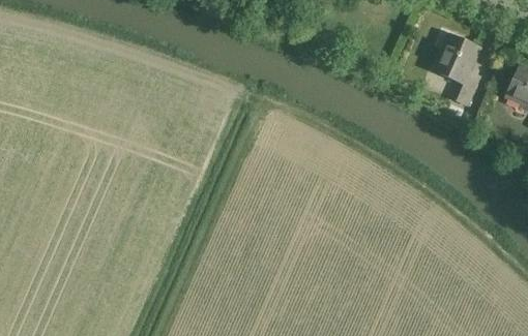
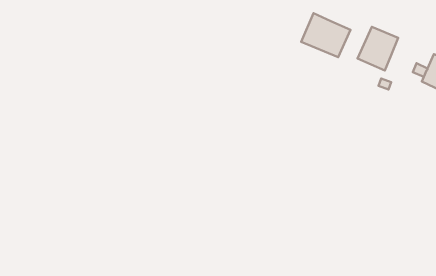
building: none -> [301,13,350,57]

